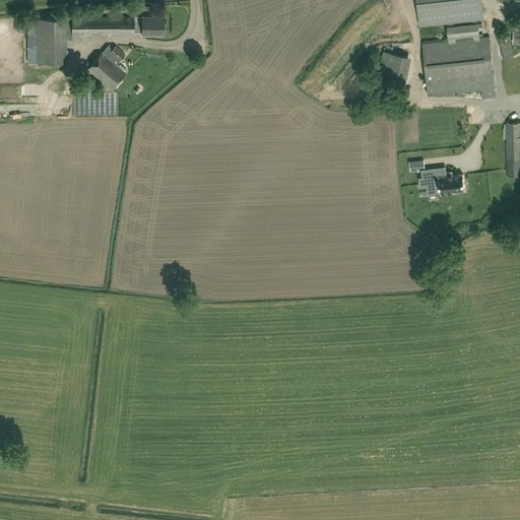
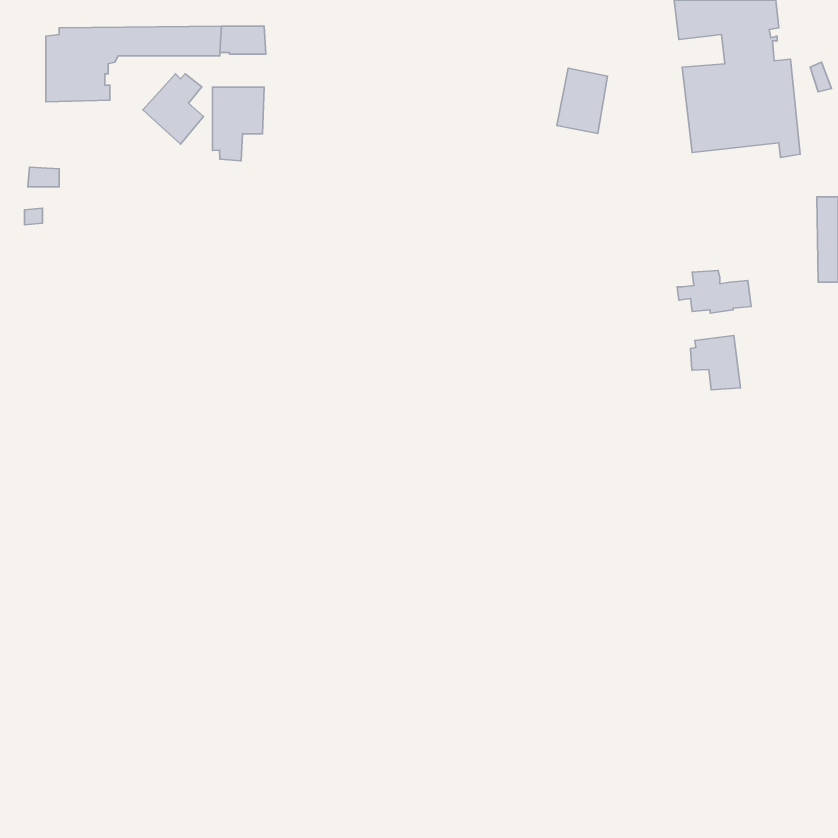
building: [377,50,408,90] -> [557,68,608,134]
building: none -> [213,87,264,161]
building: none -> [690,336,741,390]

